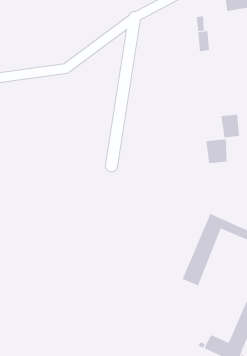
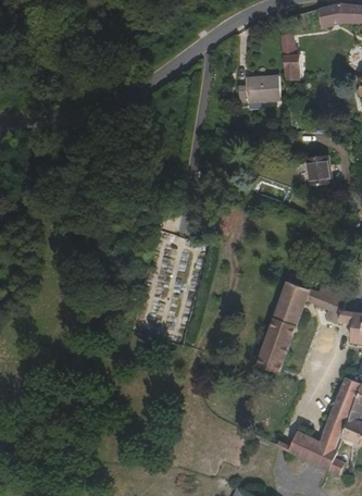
building: none -> [237,78,278,104]
building: [206,139,227,164] -> none

